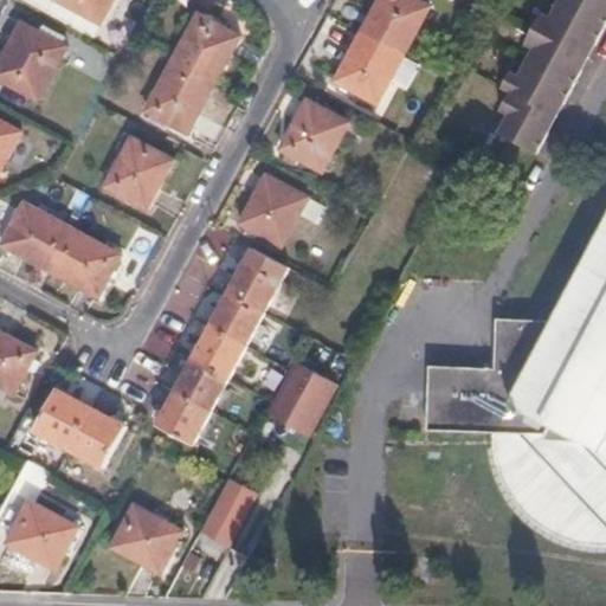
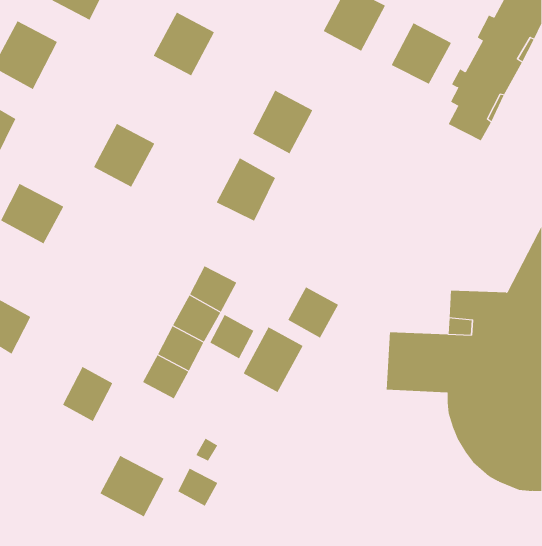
building: [333,34,400,103] -> [391,22,452,85]
building: [143,62,212,133] -> none
building: [49,228,120,297] -> none
building: [226,262,281,312] -> none
building: none -> [287,286,339,338]
building: none -> [209,314,254,359]
building: [33,387,91,447] -> none
building: [6,499,76,567] -> none

